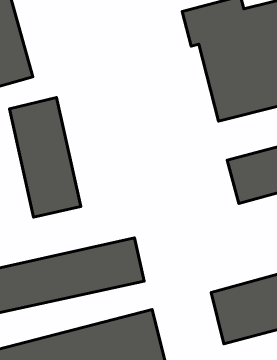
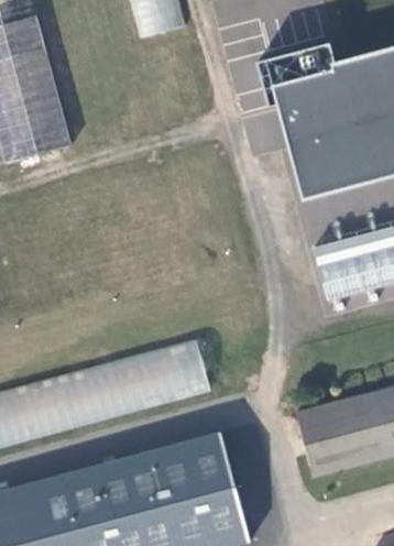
building: [10,97,81,217] -> none

